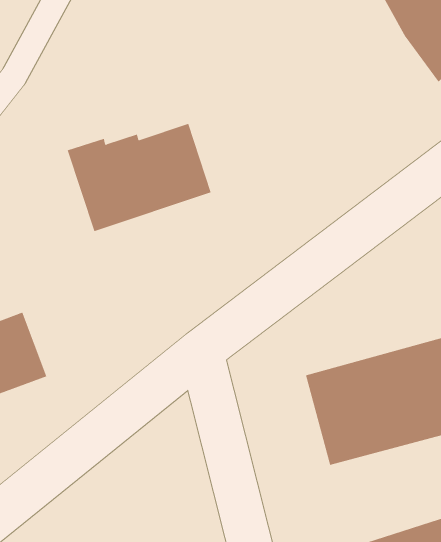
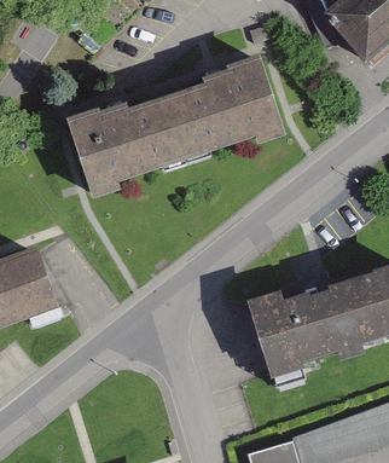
building: none -> [163,59,275,155]

